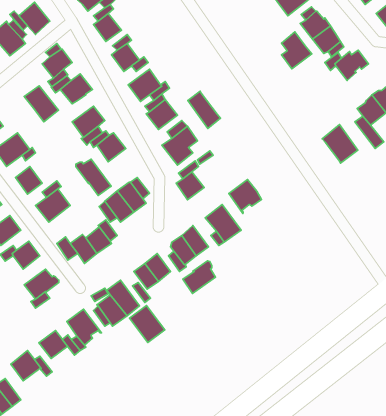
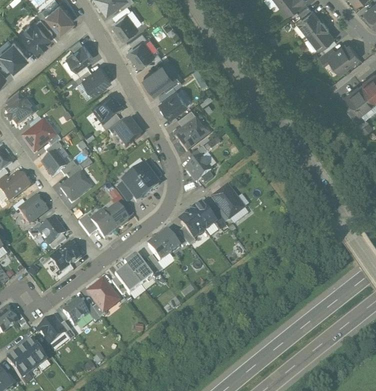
building: [281,32,312,69] -> none
building: [24,86,59,122] -> none
building: [188,91,220,129] -> none
building: [322,124,358,163] -> none
building: [76,159,111,195] -> none
building: [229,180,262,214] -> none
building: [183,261,215,294] -> none
building: [130,305,165,343] -> none

